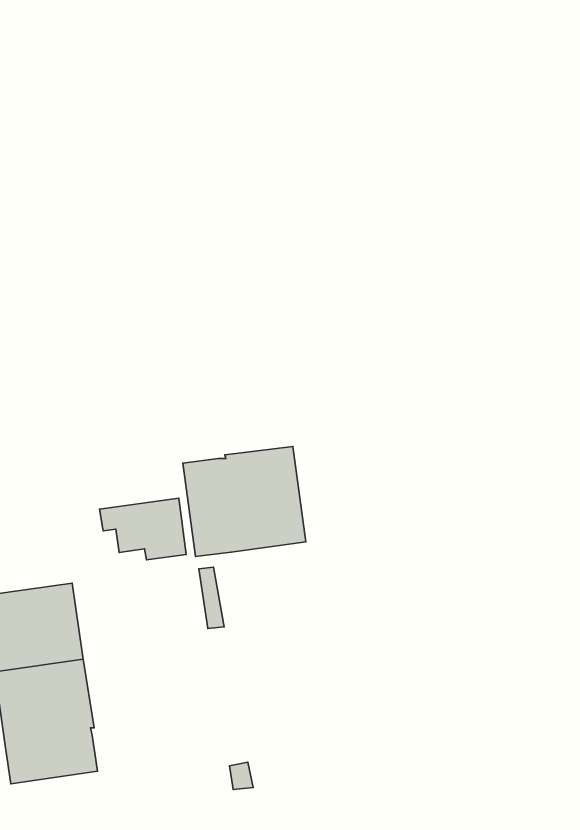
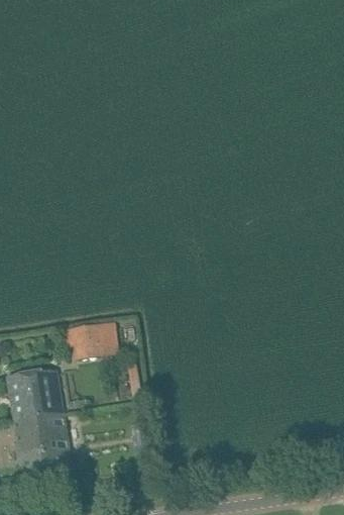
building: [183,447,306,557] -> none

